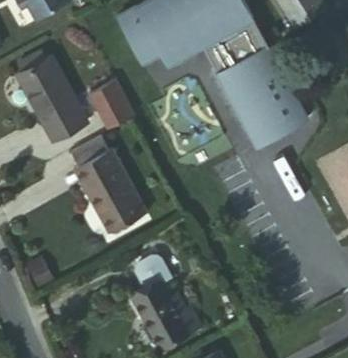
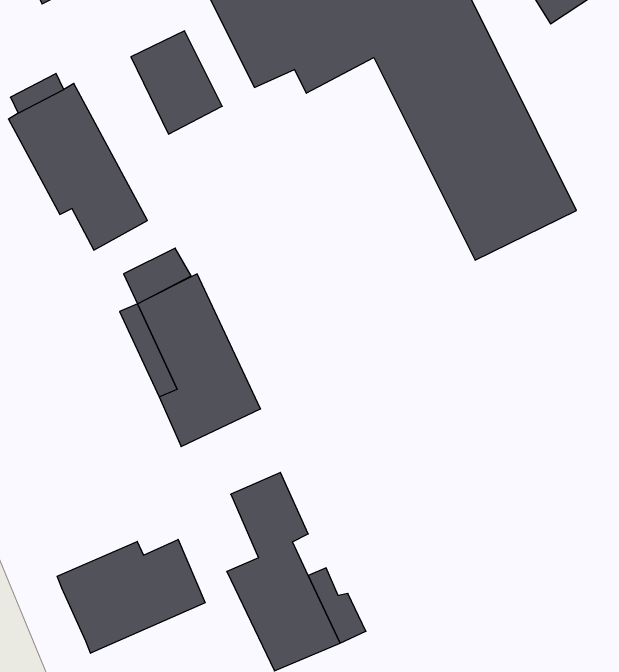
building: [93,83,139,135] -> [131,31,222,134]
building: none -> [57,539,205,653]

